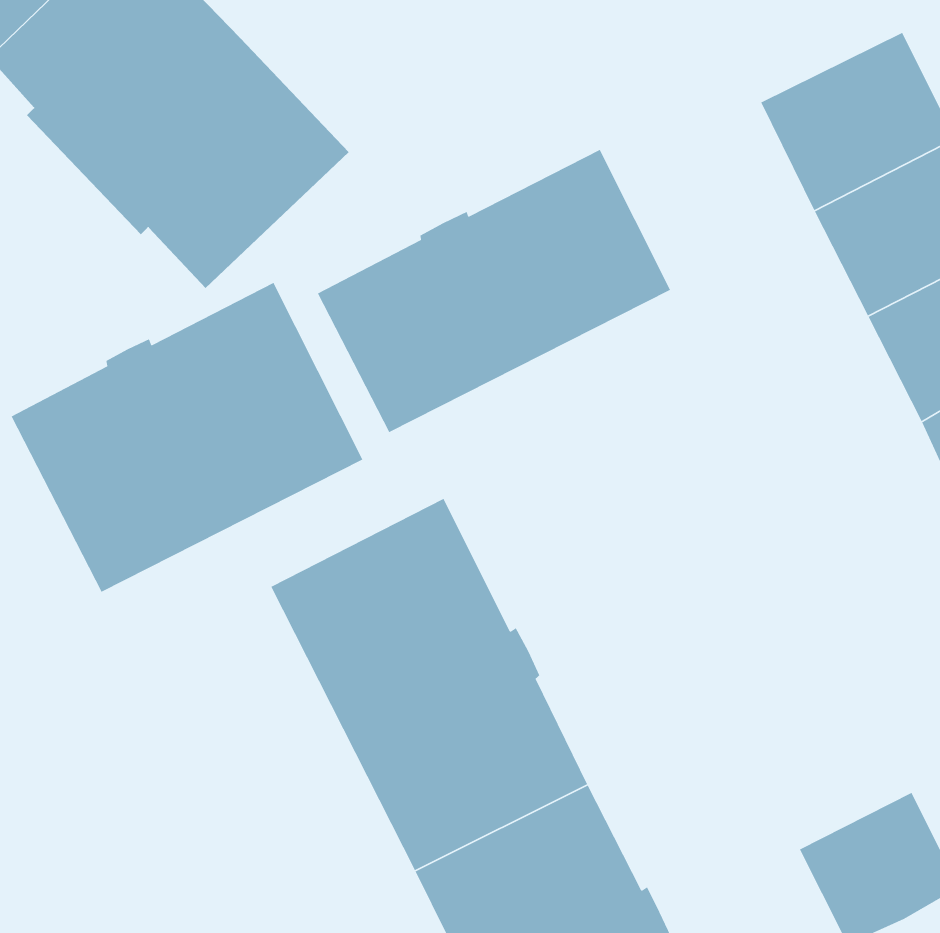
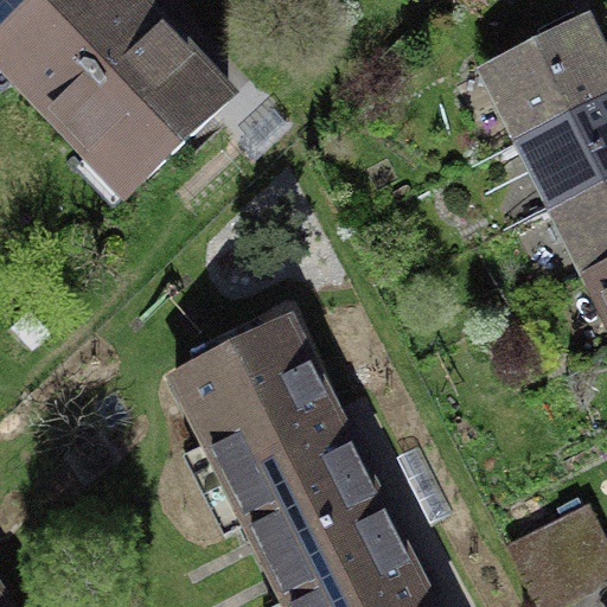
building: [317,149,671,433] -> none
building: [10,282,364,593] -> none

